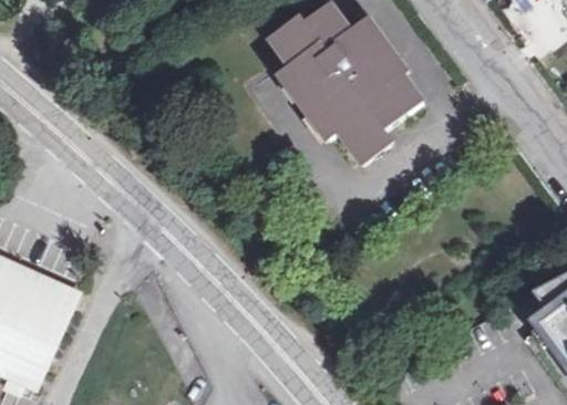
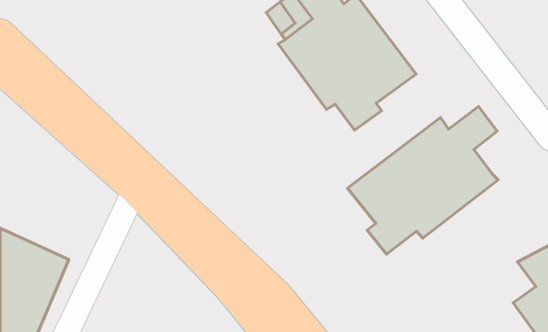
building: none -> [348,106,498,254]

